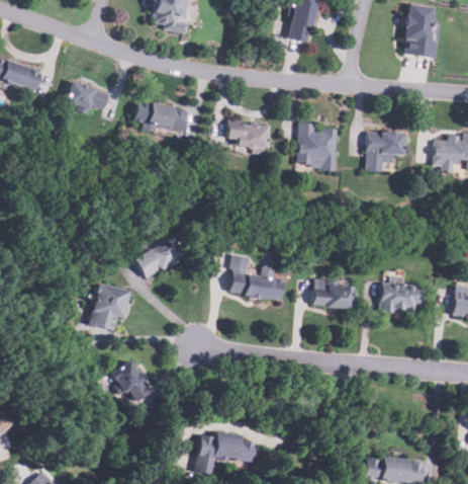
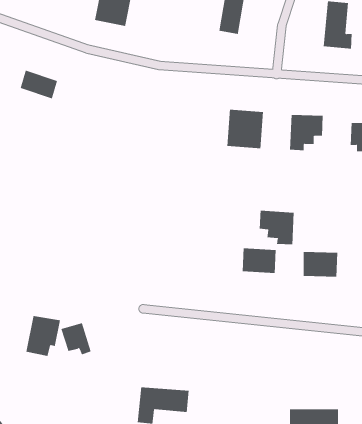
building: [132,99,188,137] -> none
building: [225,122,268,152] -> none
building: [134,236,183,278] -> none
building: none -> [259,210,294,245]
building: [229,255,283,299] -> none
building: [90,285,129,330] -> [26,316,61,356]

